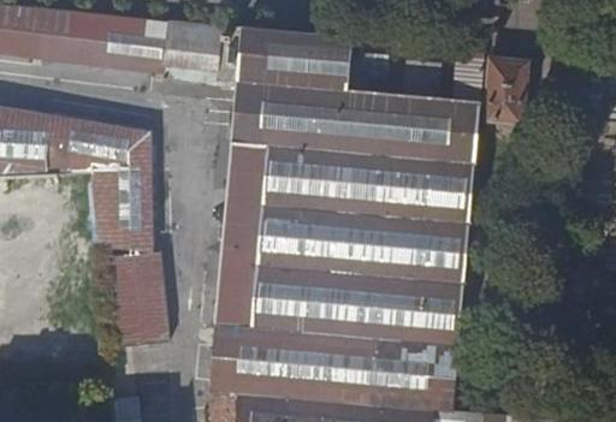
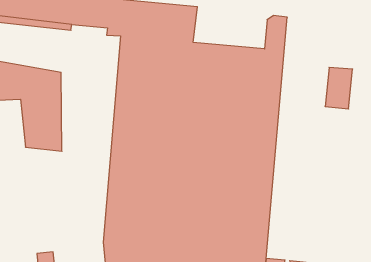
building: [486,60,527,121] -> [325,67,353,109]
building: [107,254,171,346] -> none

